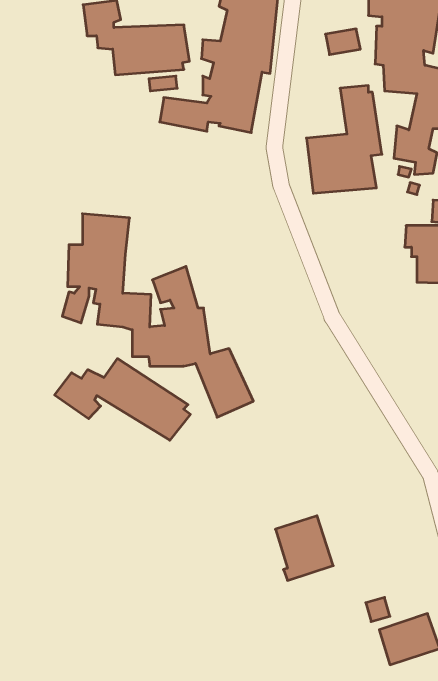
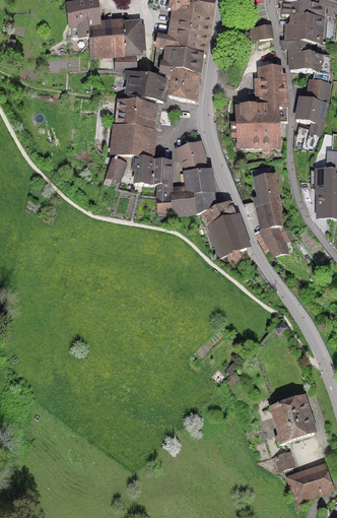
building: [62,214,253,417] -> [106,100,250,253]
building: none -> [251,172,292,255]
building: [55,359,190,440] -> none
building: [275,516,333,580] -> [272,393,316,442]

